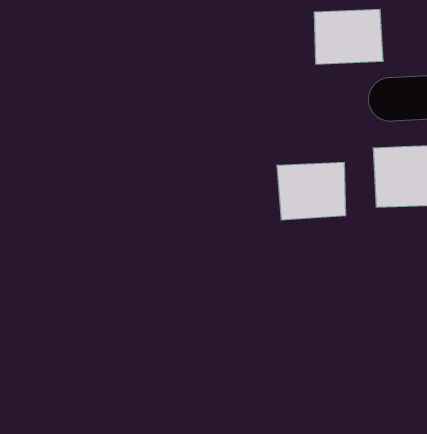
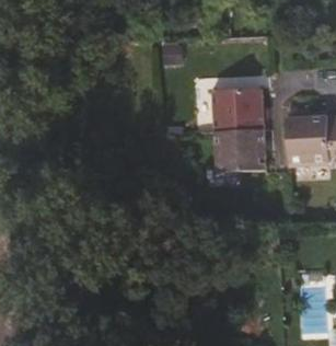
building: [314,9,383,64] -> [211,90,264,131]

